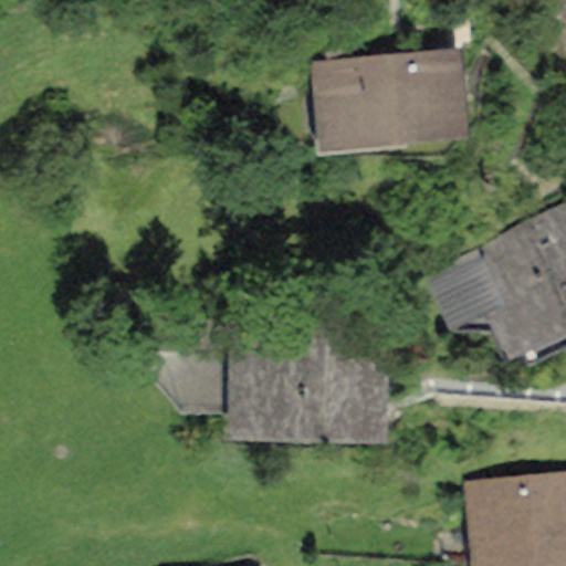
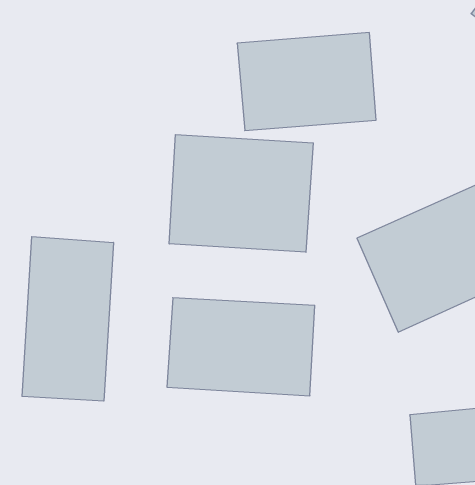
building: none -> [169,135,313,252]
building: none -> [22,237,113,401]

